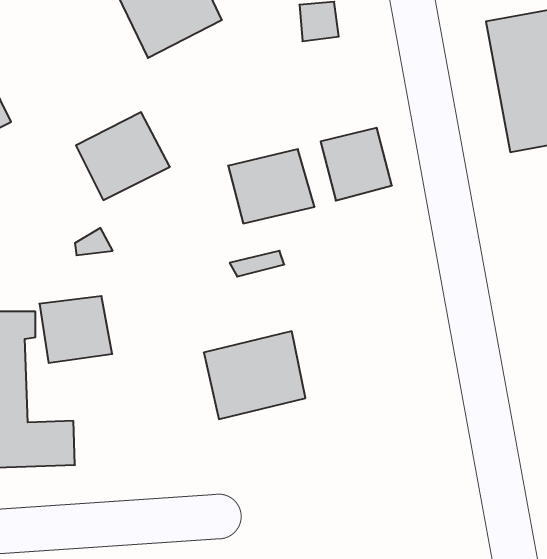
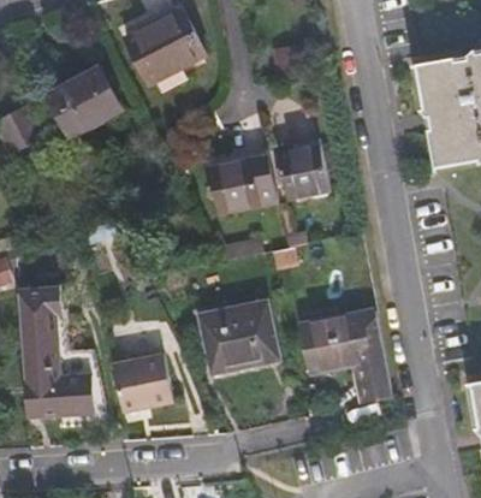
building: [76,112,170,200] -> [47,69,121,138]
building: [39,296,112,363] -> [113,355,171,408]
building: none -> [308,309,385,401]

